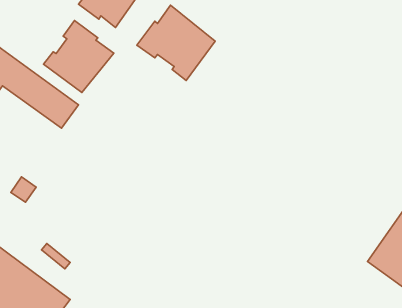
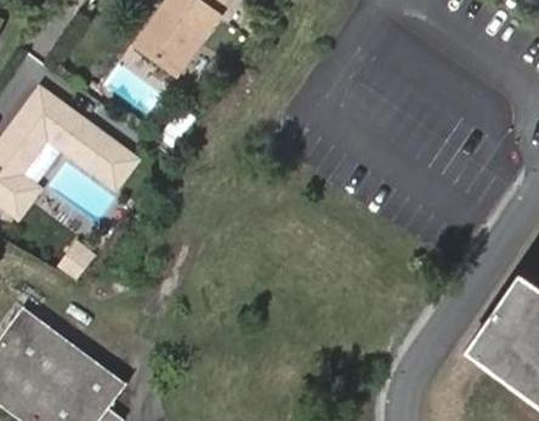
building: [137,5,215,80] -> none
building: [43,20,114,93] -> none

